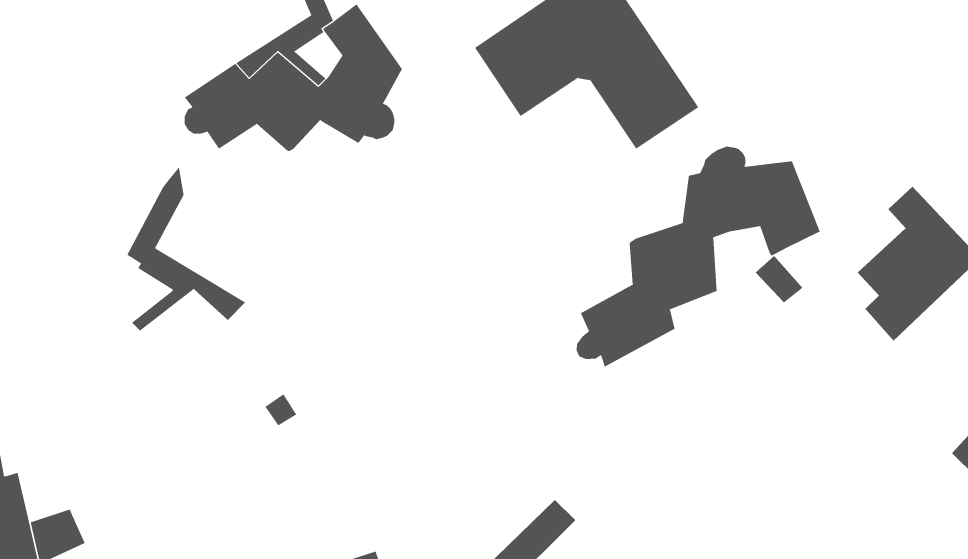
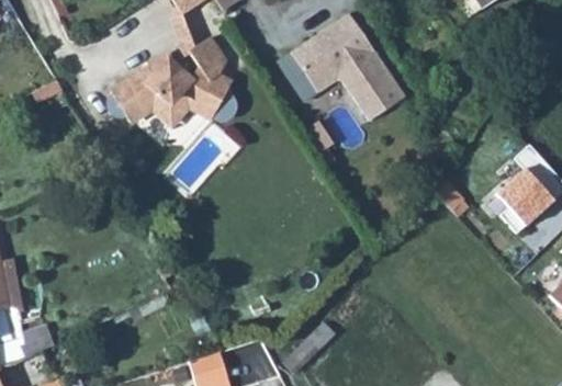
building: [576,146,821,367] -> none
building: [126,166,246,331] -> none

